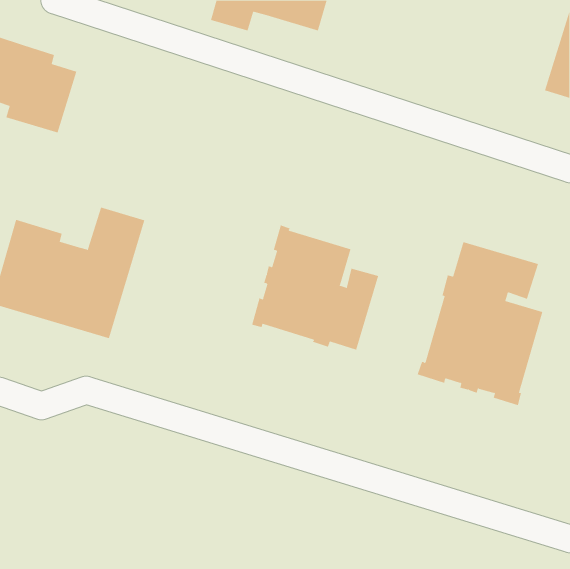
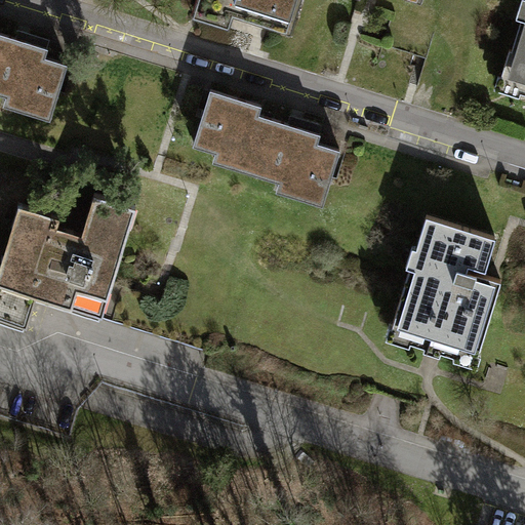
building: none -> [197,87,339,200]
building: [251,225,379,350] -> none

